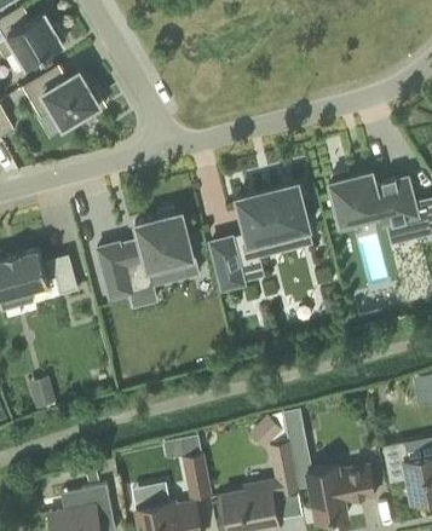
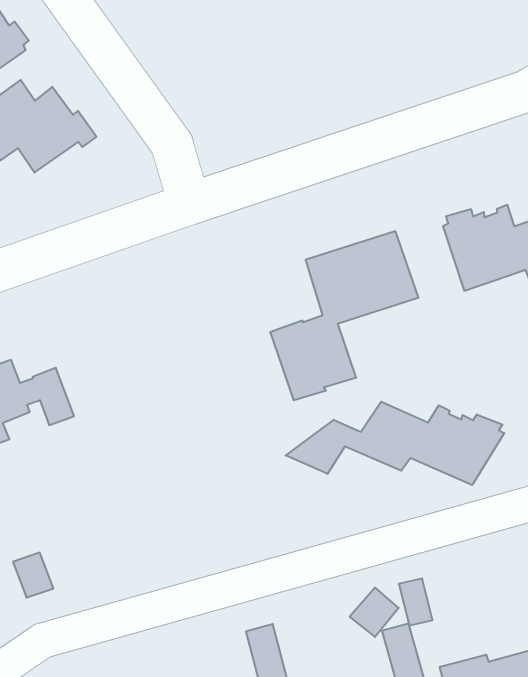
building: [97,209,194,308] -> none
building: none -> [286,402,504,485]

